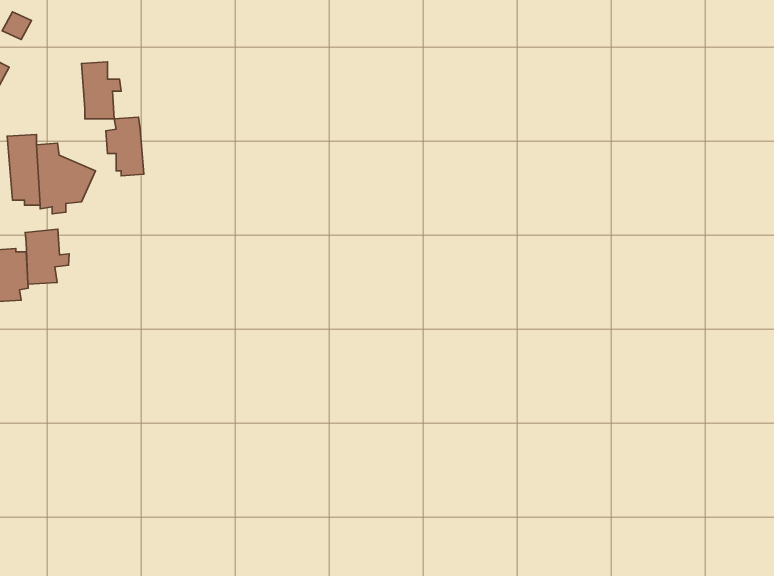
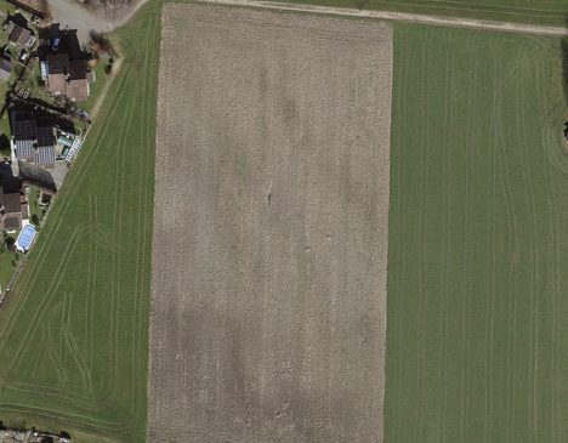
building: [106,117,144,176] -> [39,52,66,93]
building: [25,229,69,284] -> none

